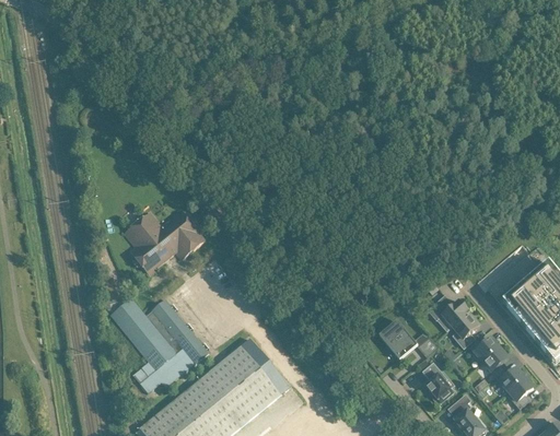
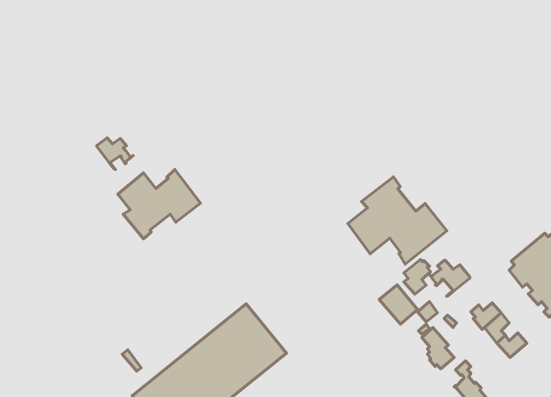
building: none -> [97,138,133,170]
building: none -> [348,177,447,264]
building: [110,298,209,392] -> none
building: [453,314,479,347] -> [404,259,431,294]
building: [506,377,534,409] -> none

